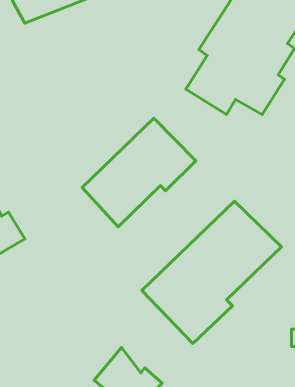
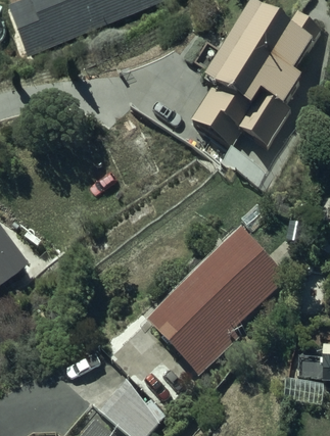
building: [82,118,196,227] -> none

